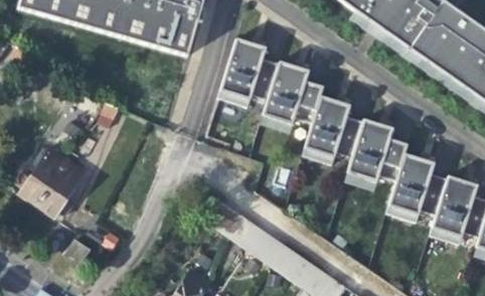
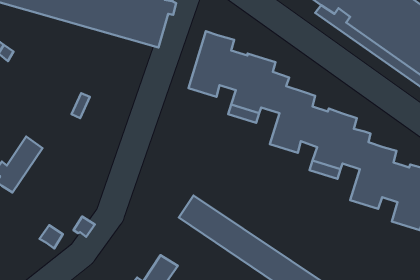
building: [36,158,85,216] -> none

